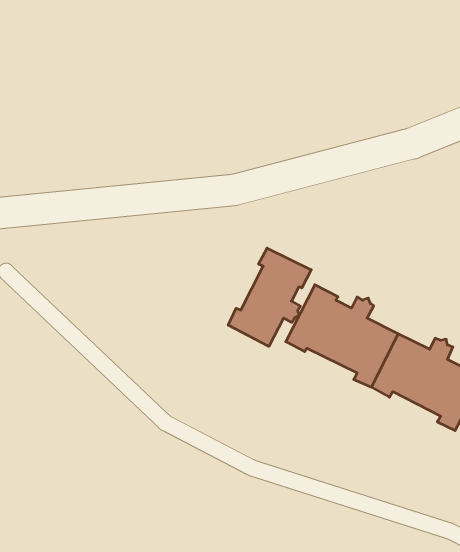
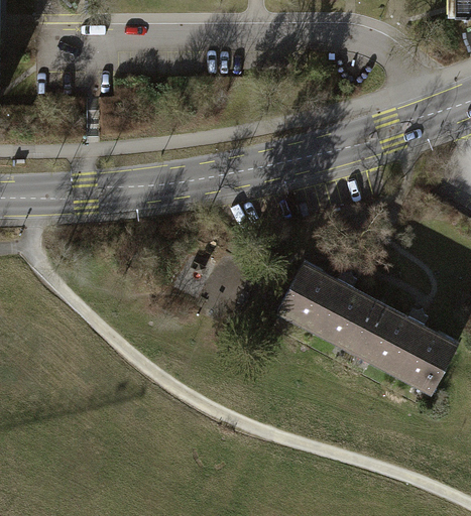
building: [228,248,311,346] -> none

